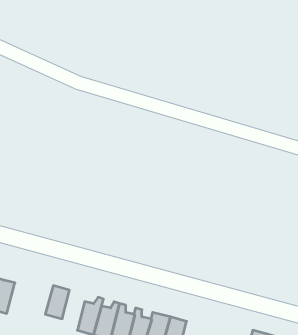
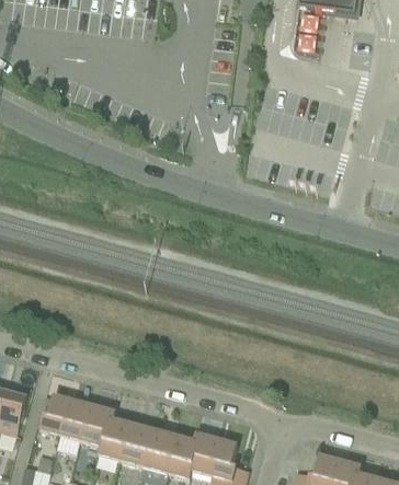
building: none -> [39,394,73,435]
building: none -> [84,405,115,454]

